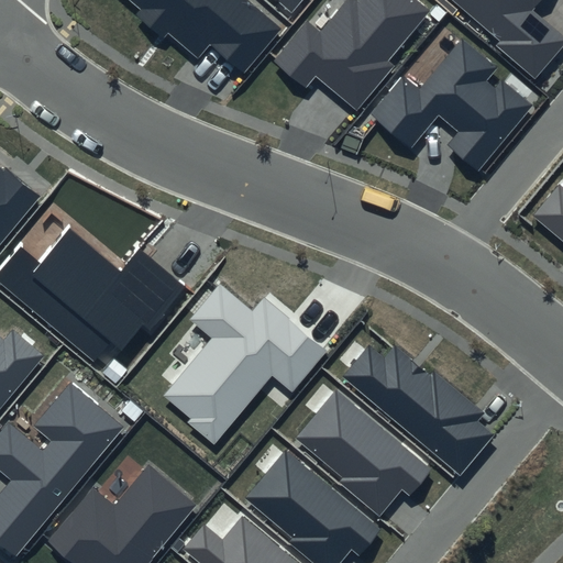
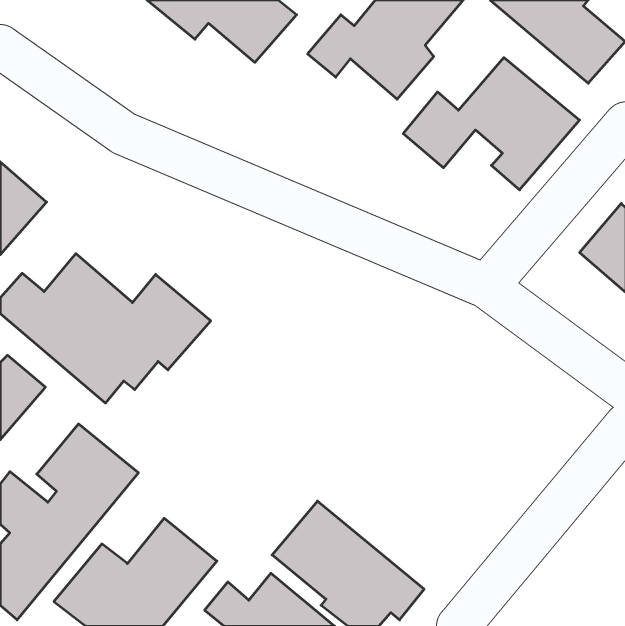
building: [164,285,328,444] -> none
building: [343,344,495,475] -> none
building: [298,389,434,516] -> none

